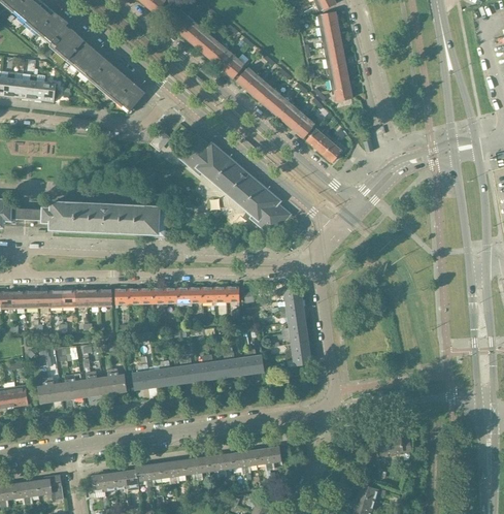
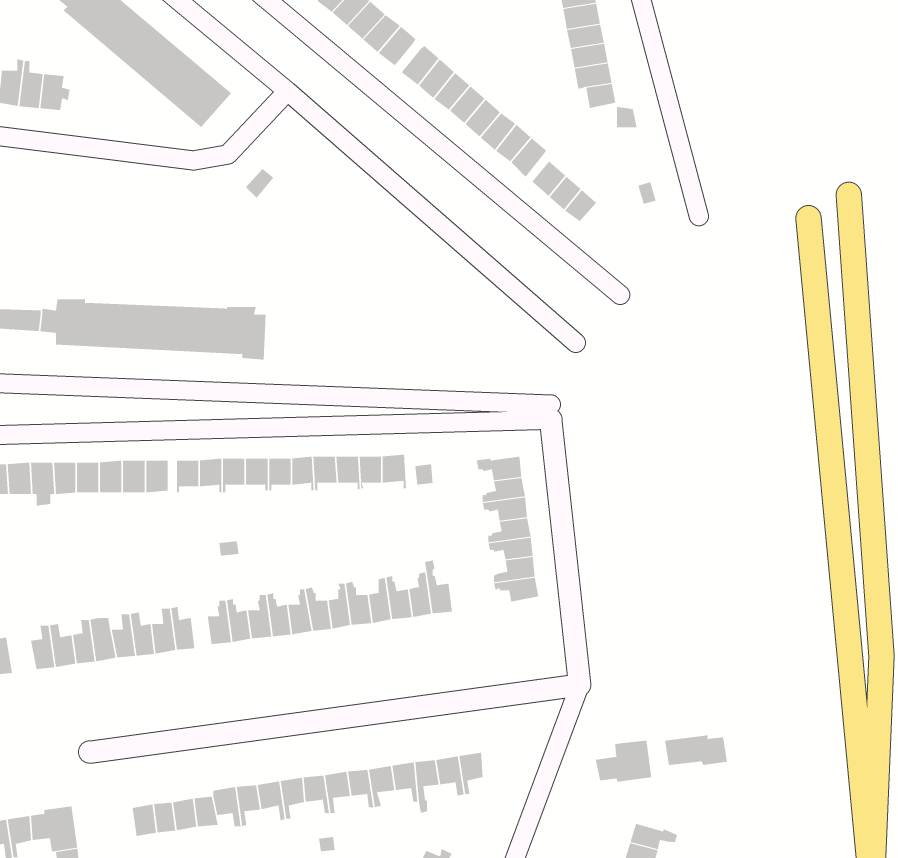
building: [178,135,290,236] -> none
building: none -> [595,740,652,783]

